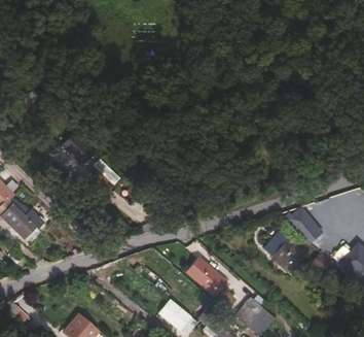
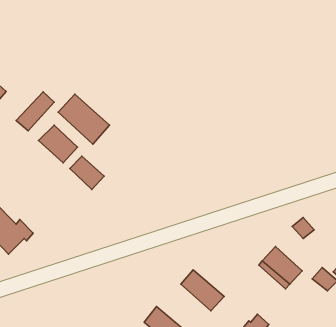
building: none -> [16,92,54,131]
building: none -> [58,94,109,144]

